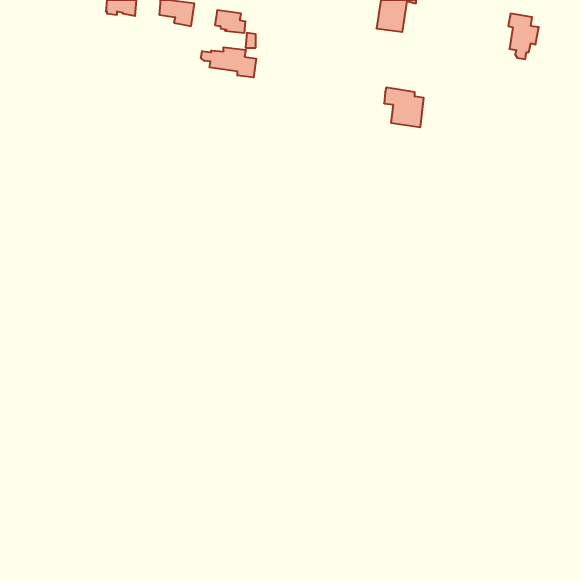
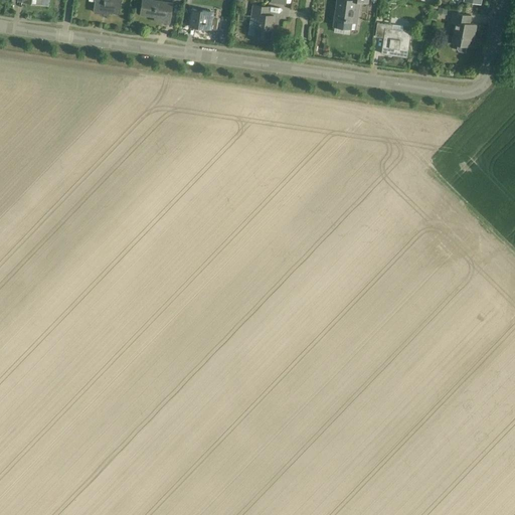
building: none -> [251,5,274,37]
building: [201,47,256,78] -> none
building: [384,87,424,127] -> [375,22,410,57]

